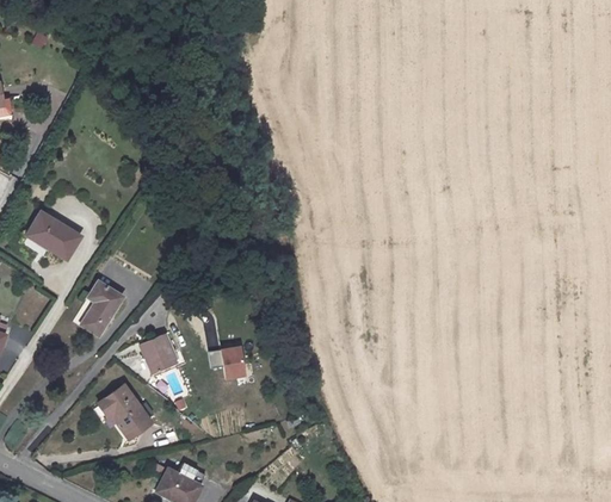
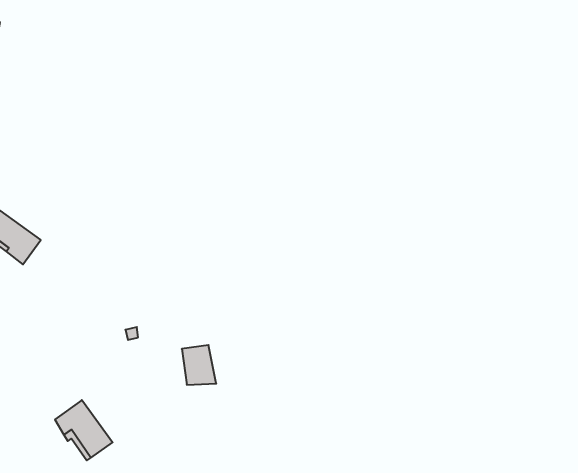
building: [81,283,123,336] -> none
building: [138,335,175,376] -> none

